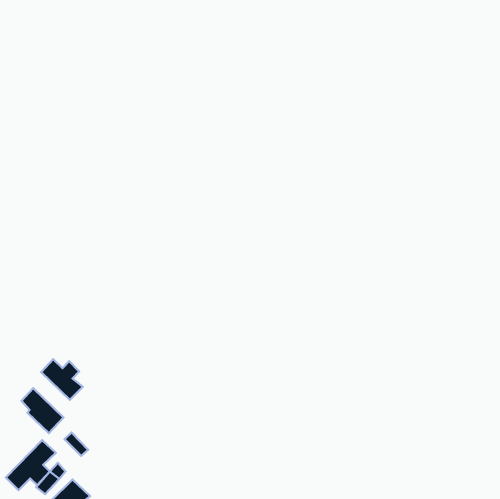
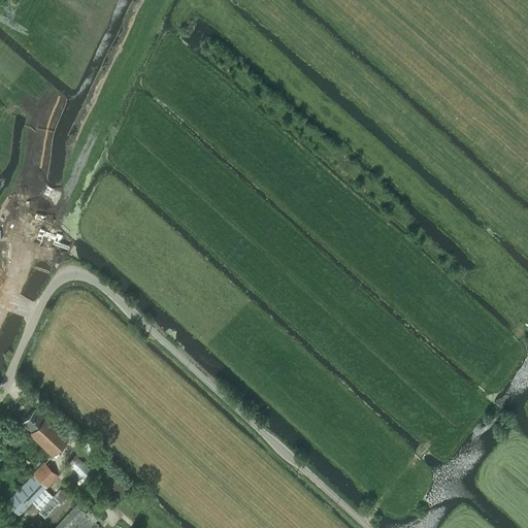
building: [41,359,83,400] -> none

